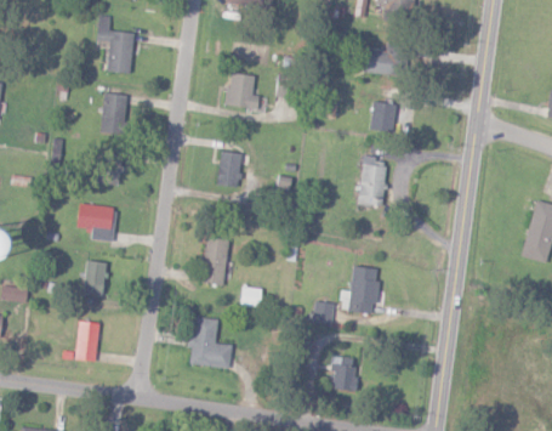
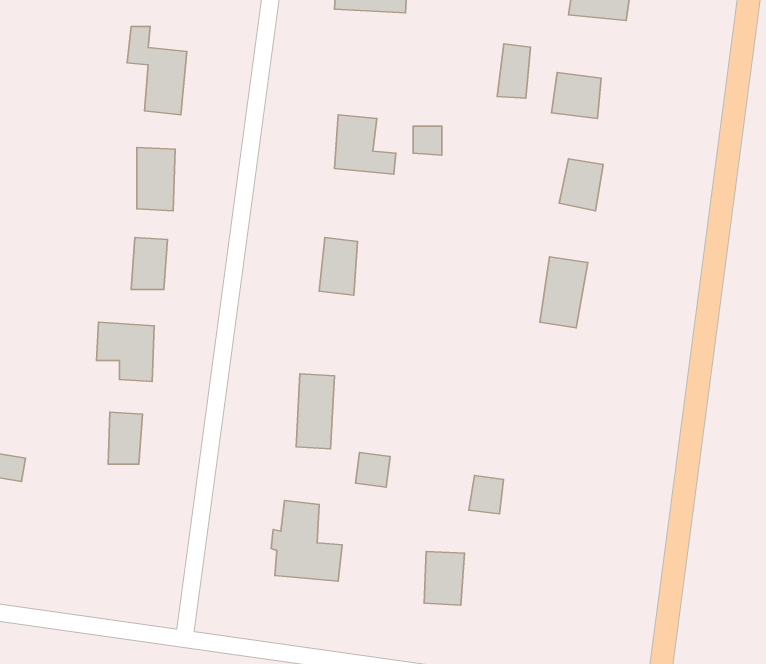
building: none -> [497,44,530,98]
building: [348,266,379,314] -> none
building: [75,322,98,361] -> none
building: [331,357,357,391] -> [424,551,465,605]

